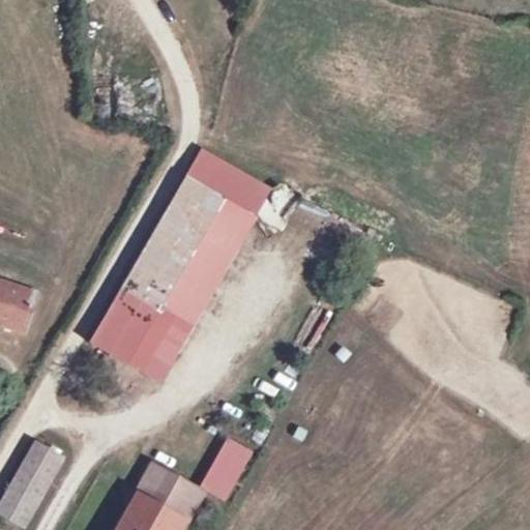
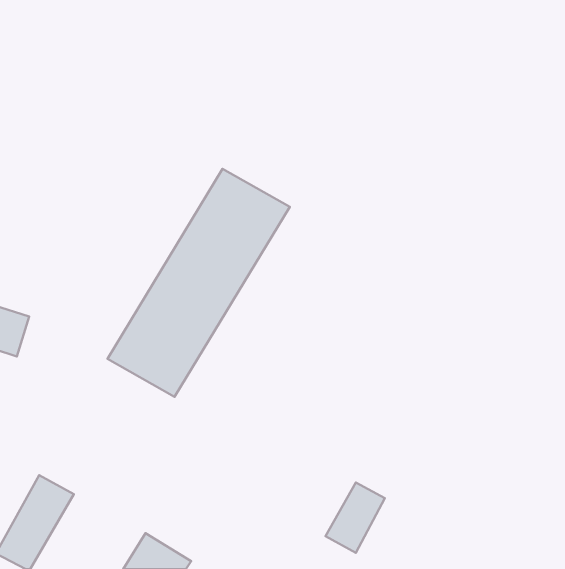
building: [192,436,246,501] -> [326,482,385,553]
building: [135,472,189,520] -> none

